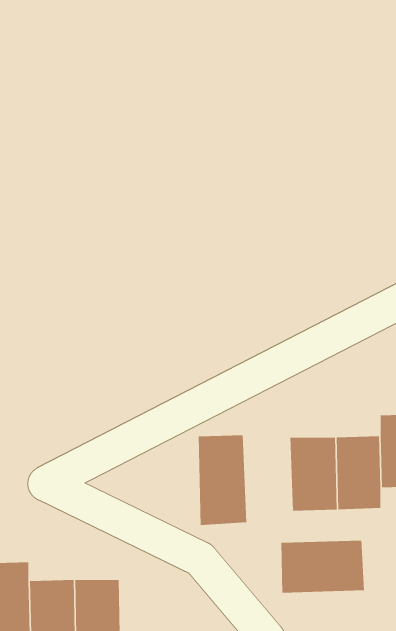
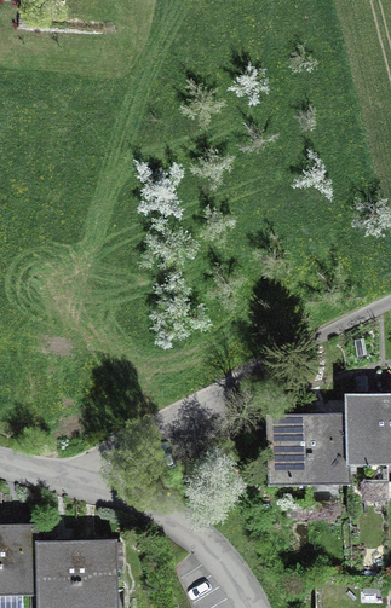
building: [198,434,247,526] -> none
building: [281,540,364,593] -> none

